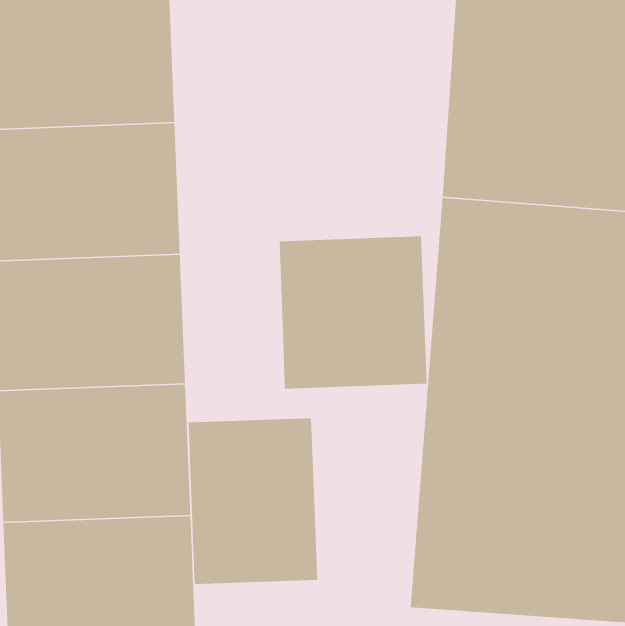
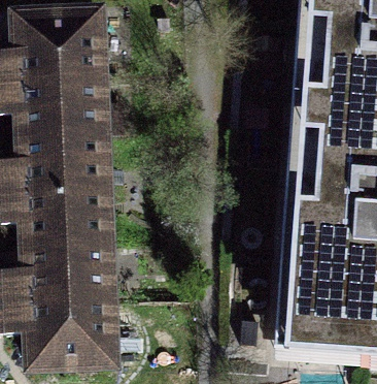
building: [279,236,427,389] -> none
building: [188,418,318,585] -> none

